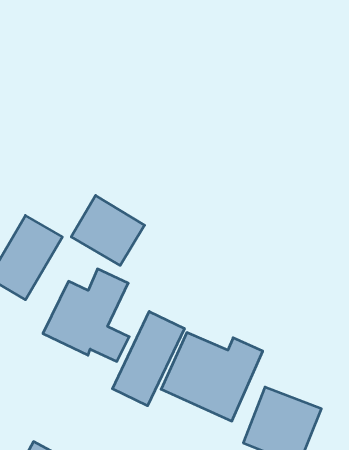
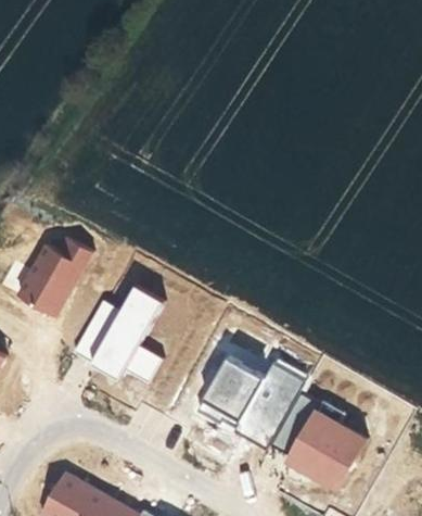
building: [71,195,145,265] -> none
building: [112,311,184,406] -> none

